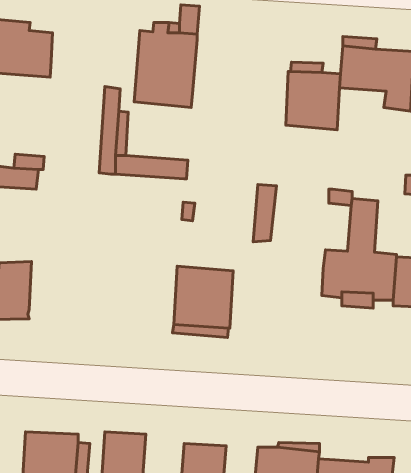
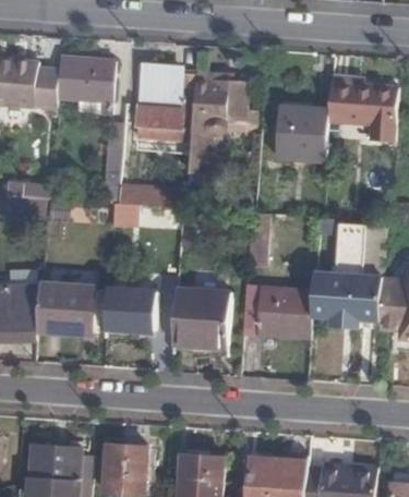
building: none -> [57,58,111,111]
building: none -> [185,77,244,175]
building: none -> [36,284,92,334]
building: none -> [241,287,311,338]
building: none -> [104,289,155,330]

